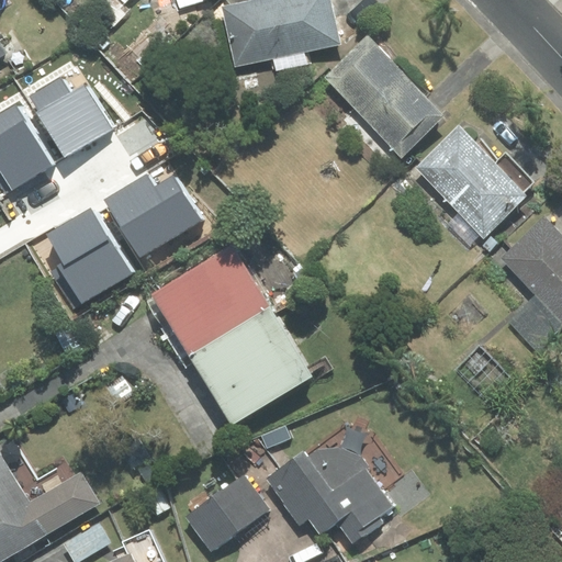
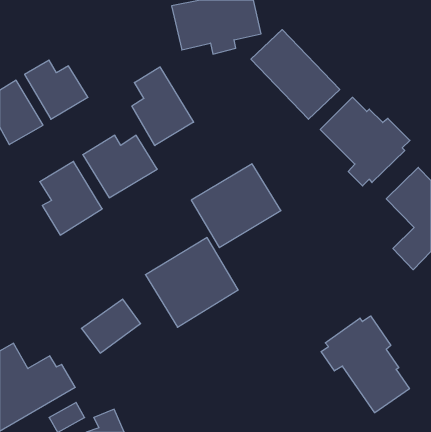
building: none -> [132,67,194,146]
building: [153,248,269,357] -> [191,164,281,248]
building: none -> [321,316,409,413]
building: [267,447,393,546] -> none
building: [189,479,266,549] -> [81,299,141,353]

